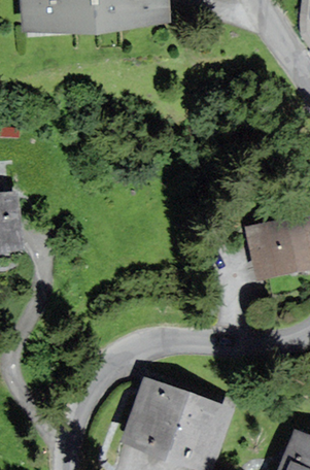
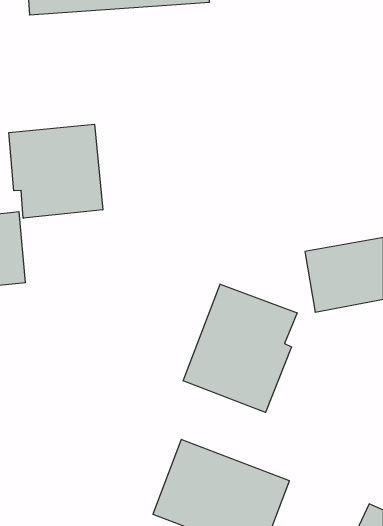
building: none -> [9,124,103,218]
building: none -> [183,284,297,412]

